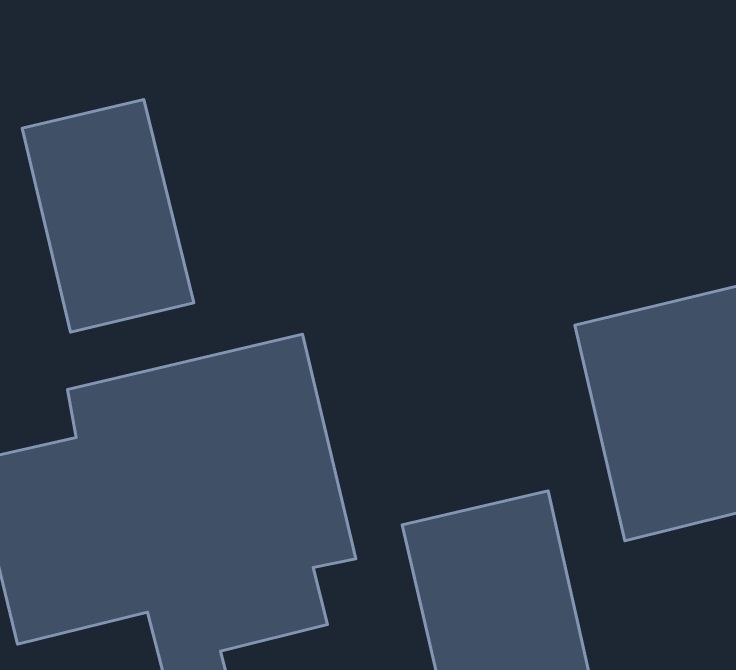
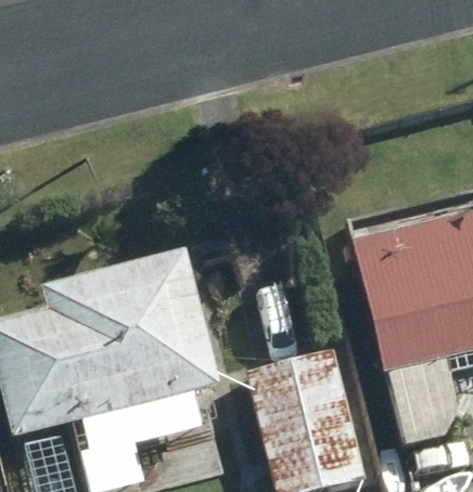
building: [22,99,194,332] -> none

